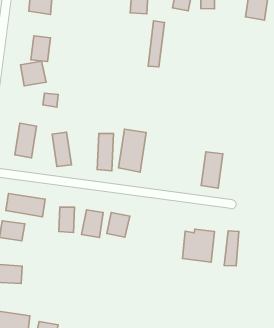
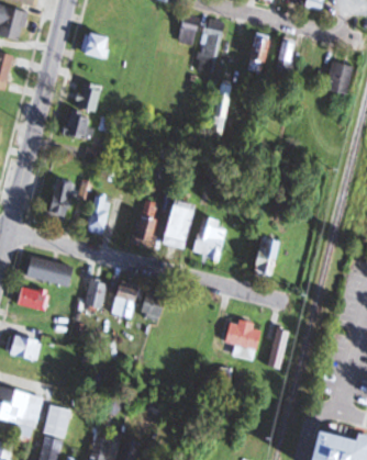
building: none -> [190,214,229,260]

